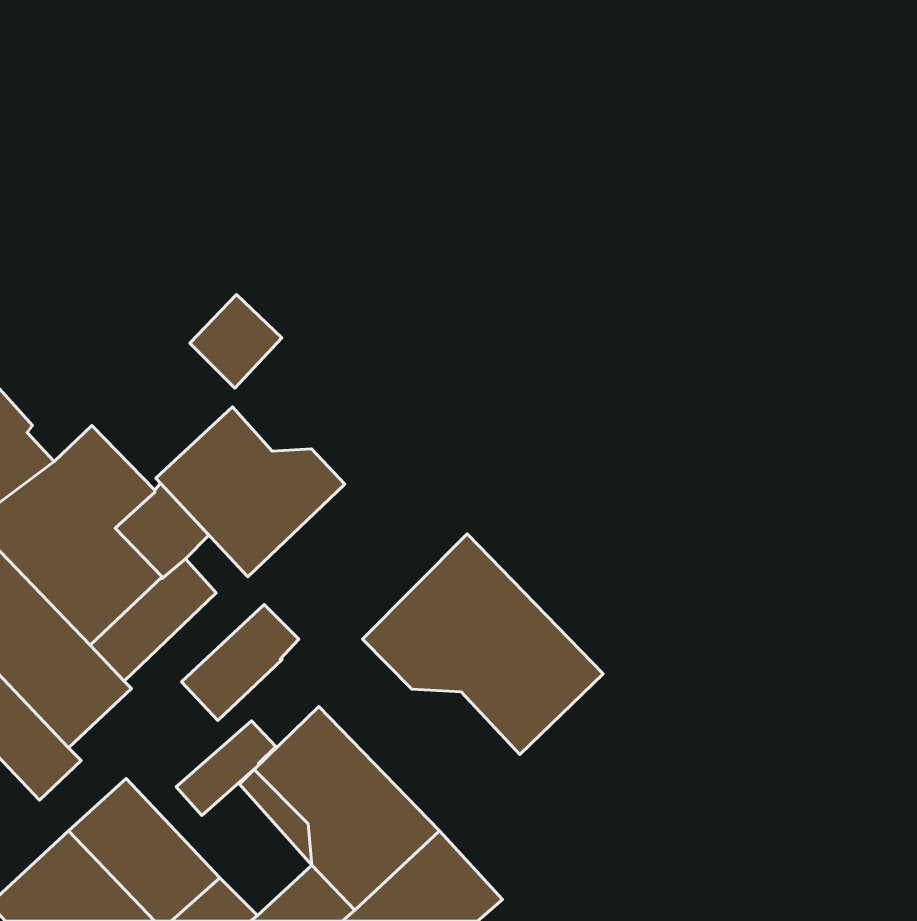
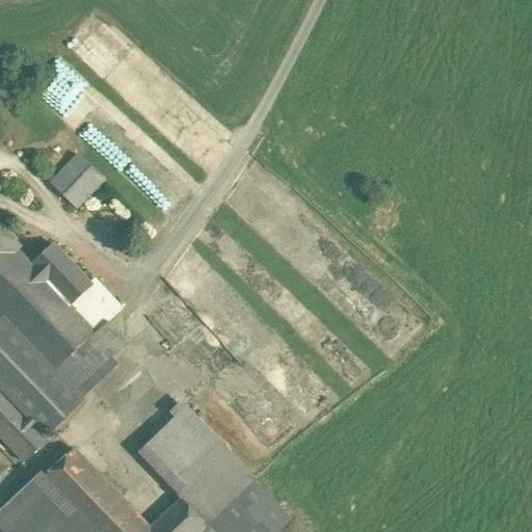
building: [190,294,282,388] -> [49,155,102,209]
building: [156,407,345,577] -> none
building: [362,534,603,755] -> none
building: [181,604,299,720] -> none
building: [176,721,276,816] -> none

